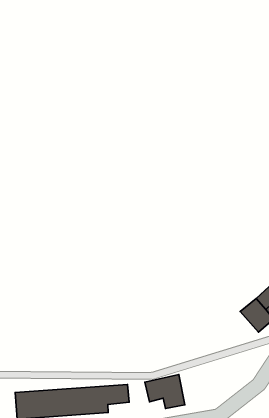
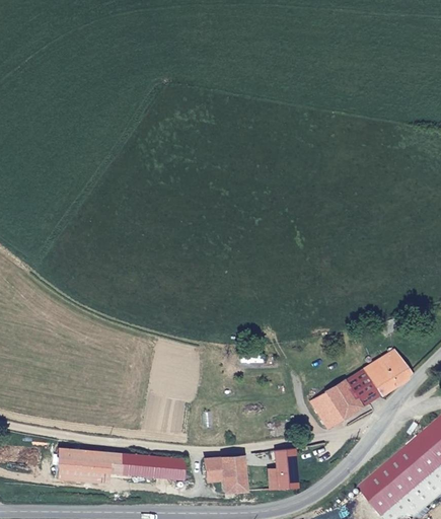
building: none -> [309,392,342,429]
building: none -> [270,447,297,489]

